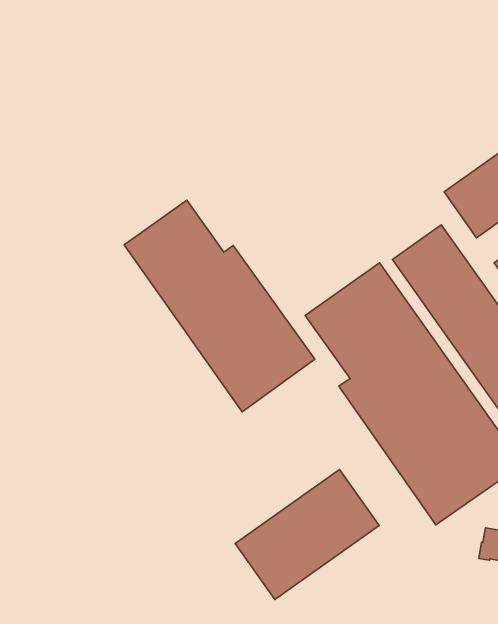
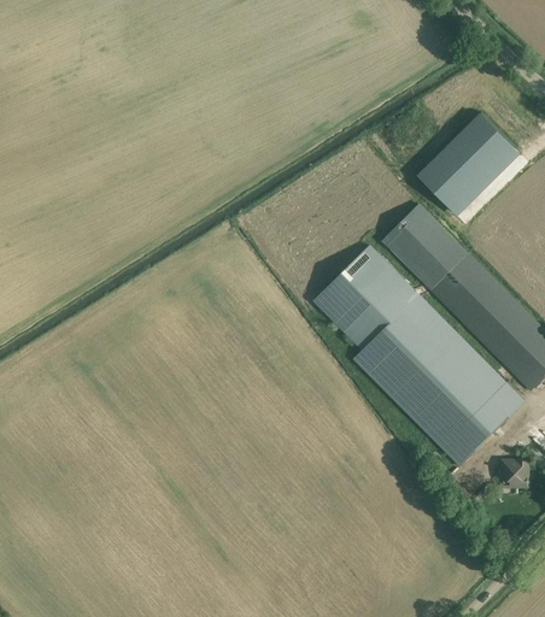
building: [124,200,315,412] -> none
building: [235,470,379,600] -> none

